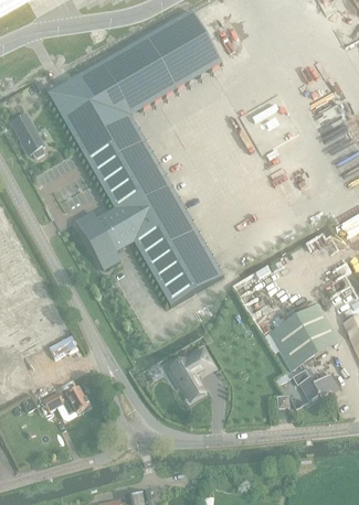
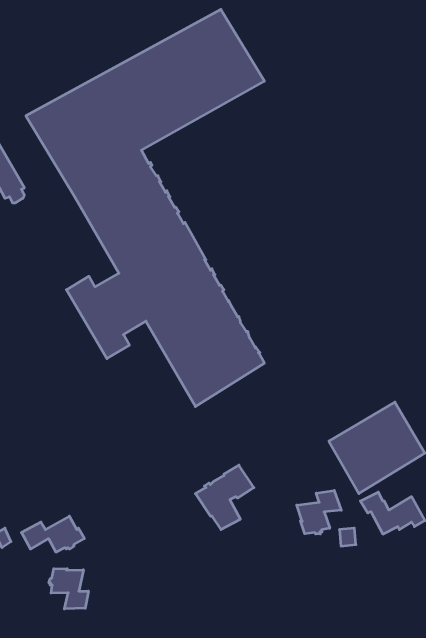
building: none -> [297,490,341,534]
building: none -> [49,569,88,609]

